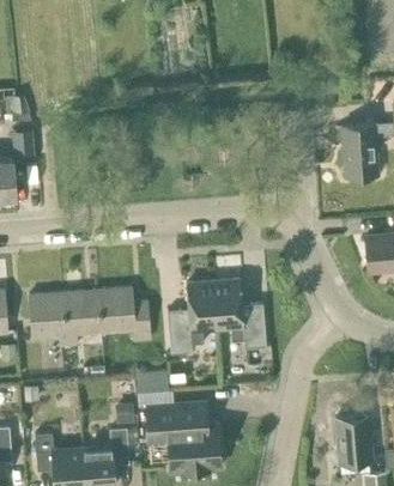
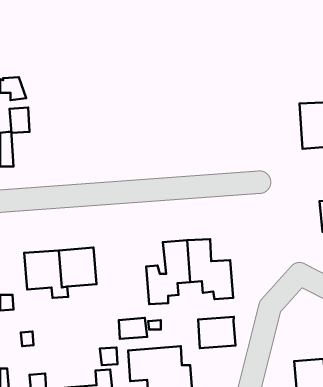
building: [107,287,150,341] -> none
building: none -> [198,317,236,348]

